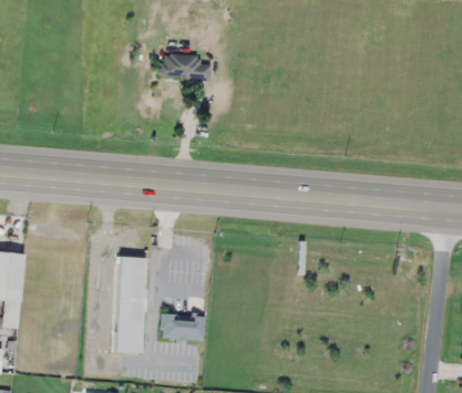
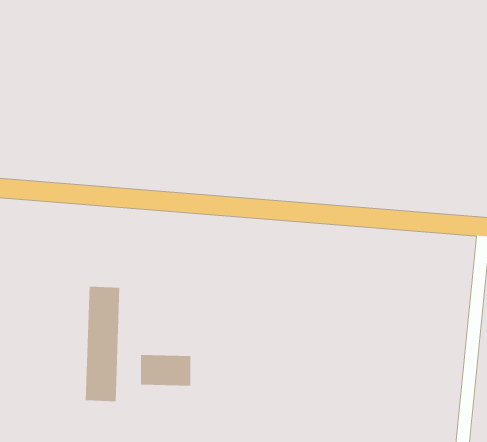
building: [160,54,211,82] -> none

